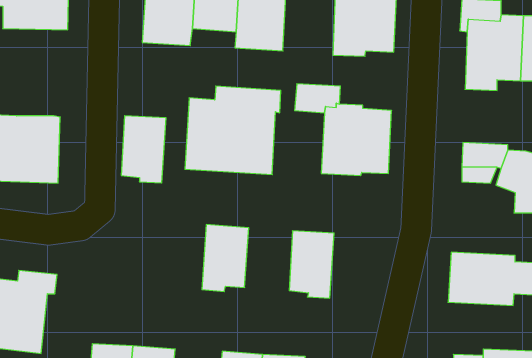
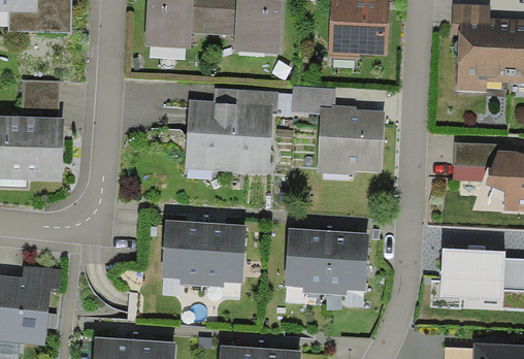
building: none -> [22,80,58,117]
building: [121,116,166,183] -> [162,220,205,285]
building: none -> [325,230,370,295]

